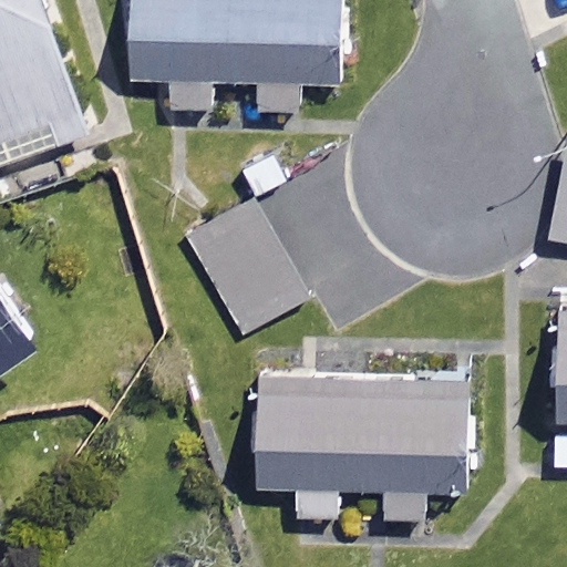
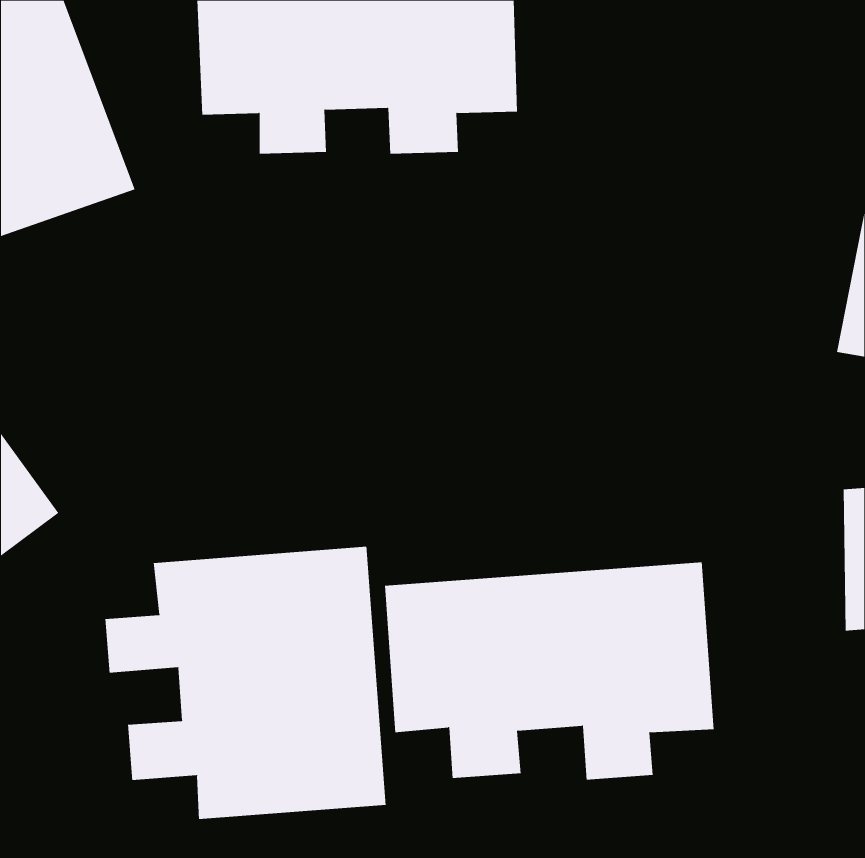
building: [189,196,313,331] -> none
building: none -> [105,546,386,820]

